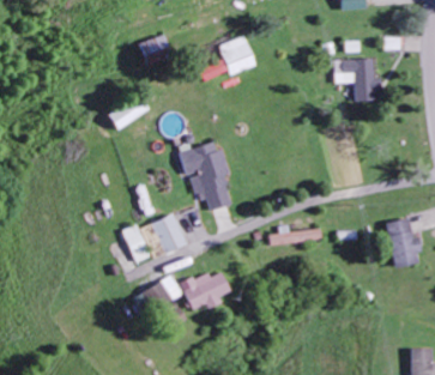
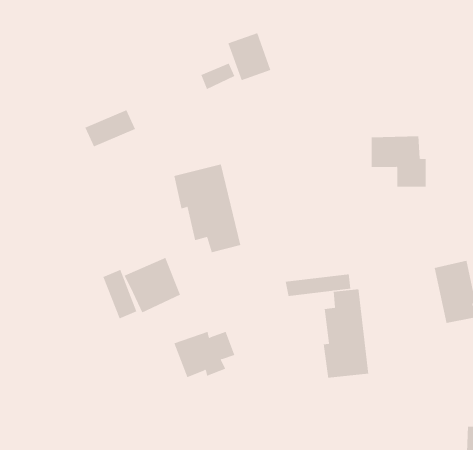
building: [337,59,381,99] -> [371,136,427,187]
building: none -> [323,288,369,379]
building: [141,277,181,312] -> none

